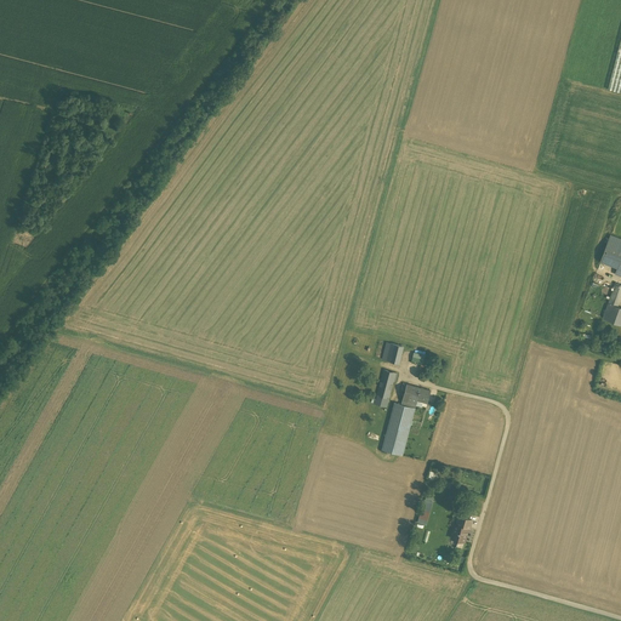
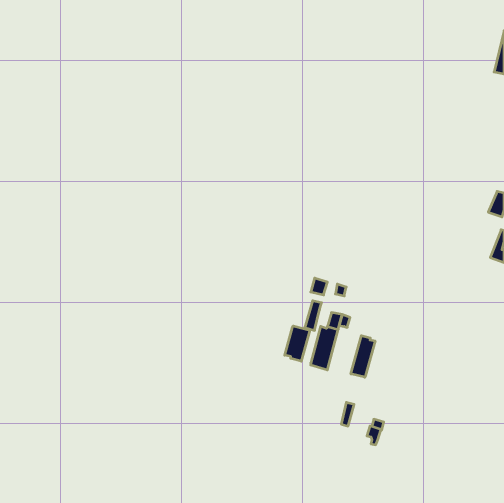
building: none -> [285,326,310,361]
building: none -> [351,336,375,377]

